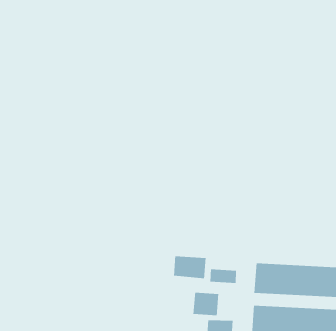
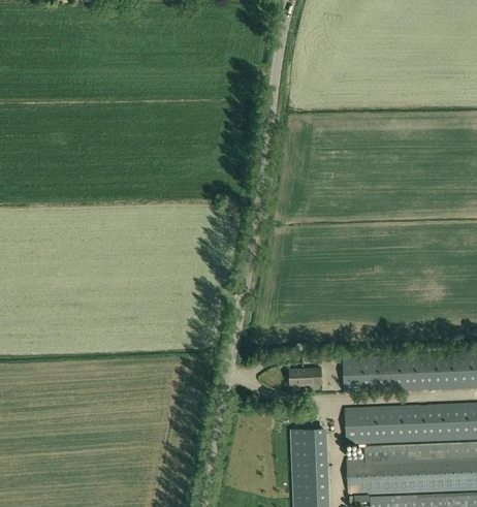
building: [173,255,206,279] -> none
building: [193,292,219,316] -> none

